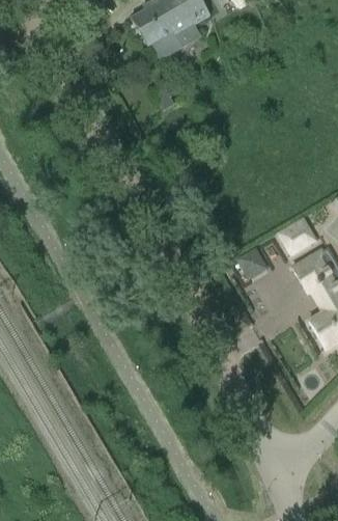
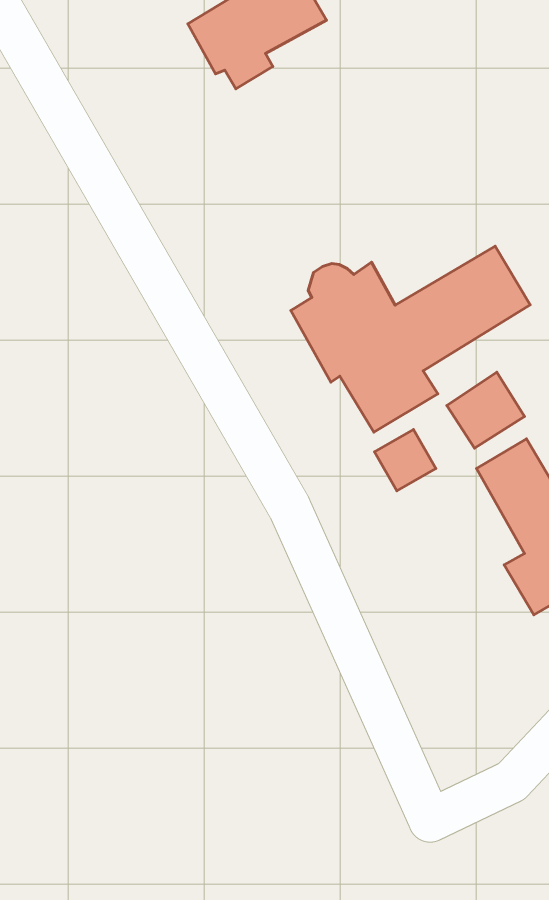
building: none -> [291,246,530,432]

